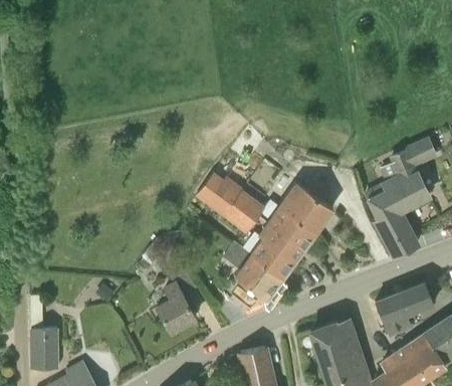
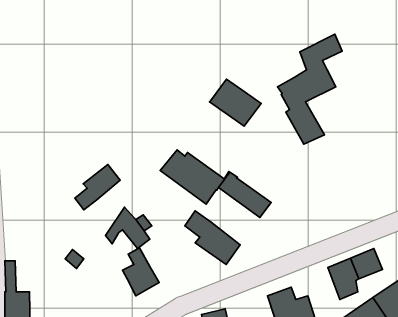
building: [367,138,436,255] -> [277,34,342,144]
building: [278,182,333,232] -> [209,79,261,126]
building: none -> [75,165,120,210]
building: [251,216,303,277] -> none

